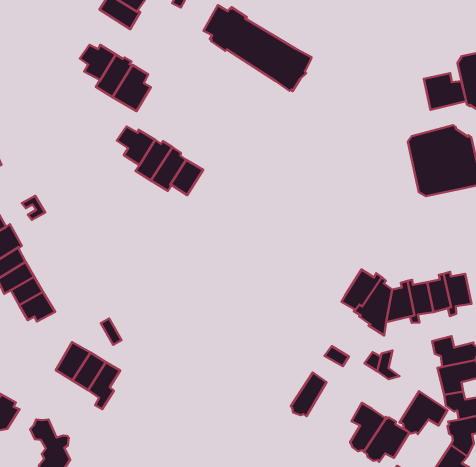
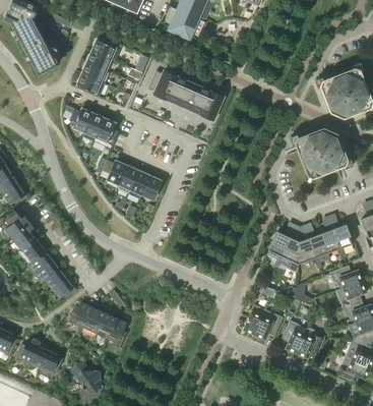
building: [424,73,466,110] -> none
building: none -> [67,303,91,329]
building: none -> [254,310,282,340]
building: [399,391,447,434] -> none

